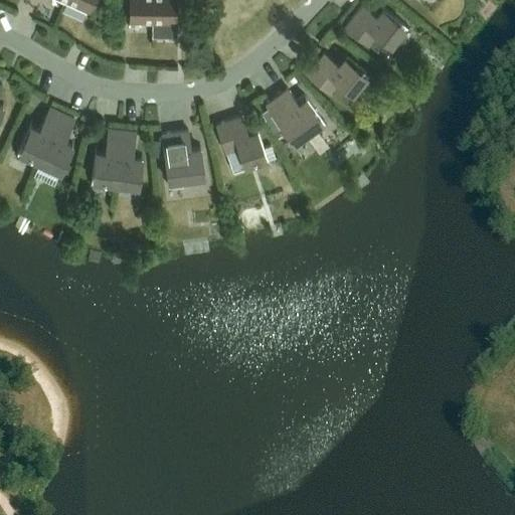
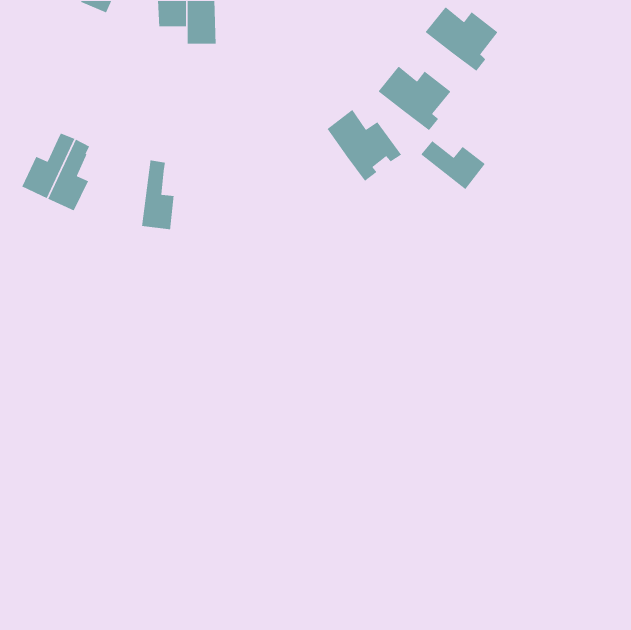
building: none -> [420,140,486,190]
building: [217,119,268,177] -> none
building: [92,131,123,190] -> none
building: [162,133,205,189] -> none

